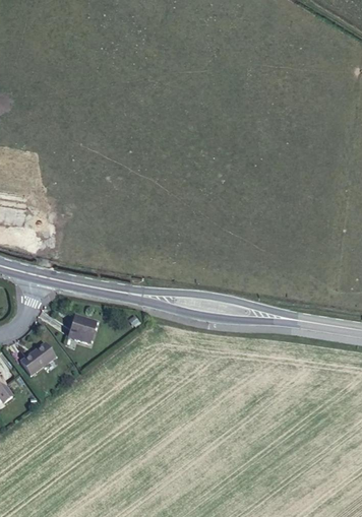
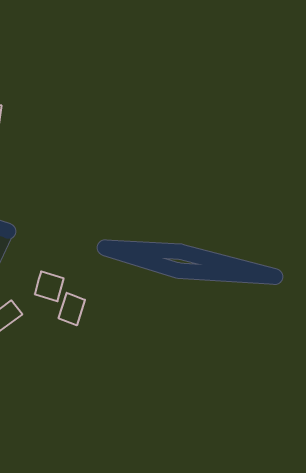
building: none -> [59,293,85,325]

